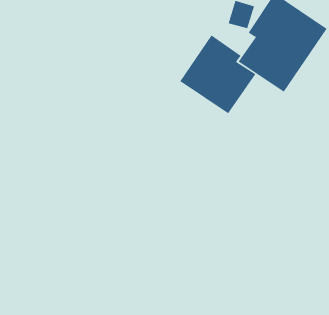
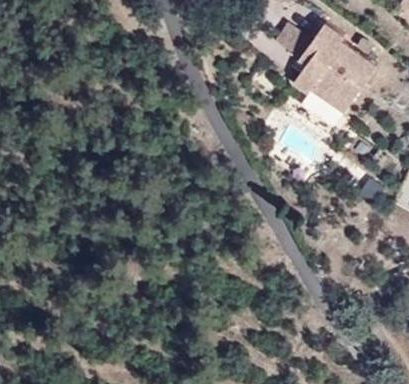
building: [180,34,256,114] -> none

